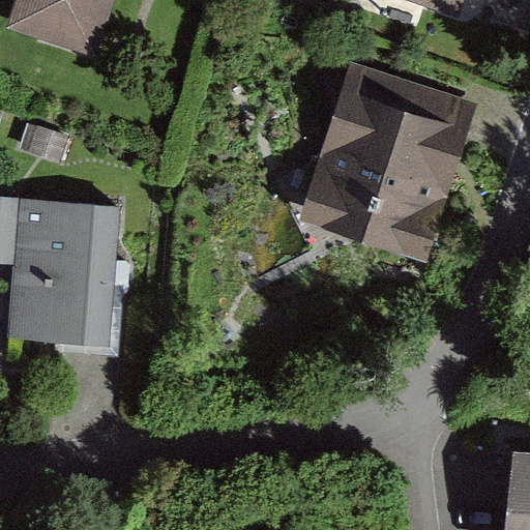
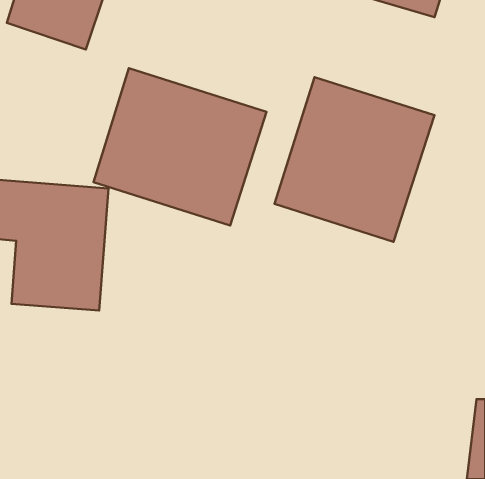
building: none -> [93,68,267,225]

